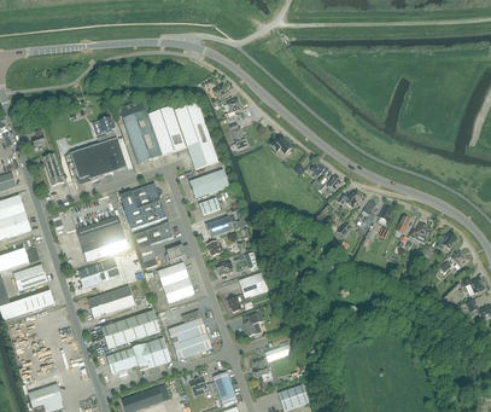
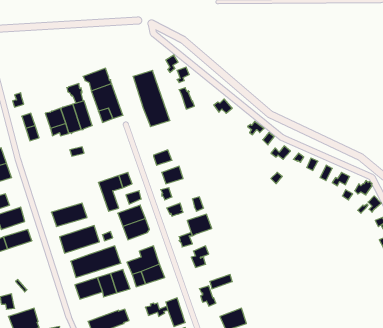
building: [147,106,186,156] -> none
building: [188,169,228,199] -> none
building: [119,184,165,230] -> none
building: [75,216,127,262] -> none

